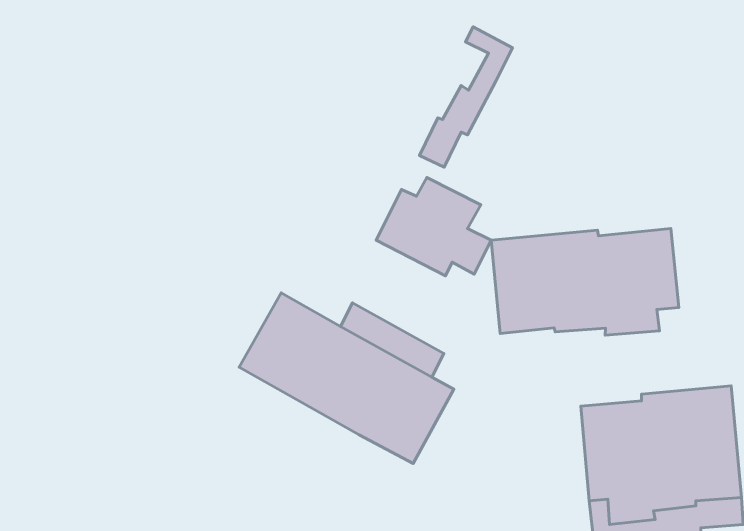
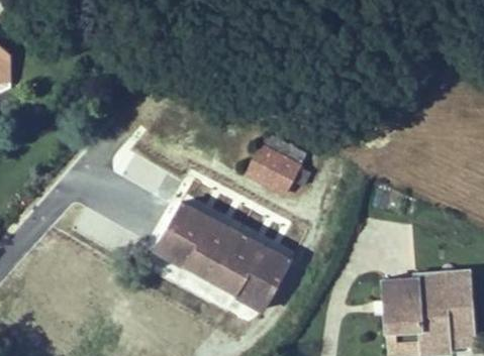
building: [419,27,513,167] -> none
building: [491,228,679,335] -> none

